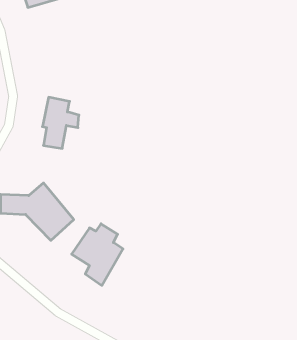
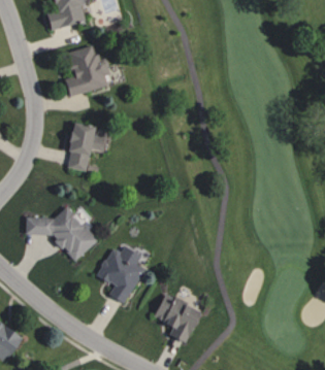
building: none -> [65,45,109,96]
building: none -> [154,293,199,342]

